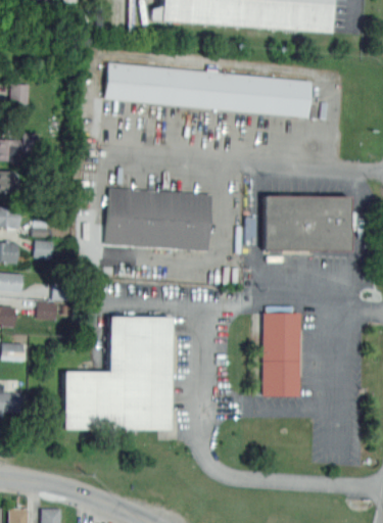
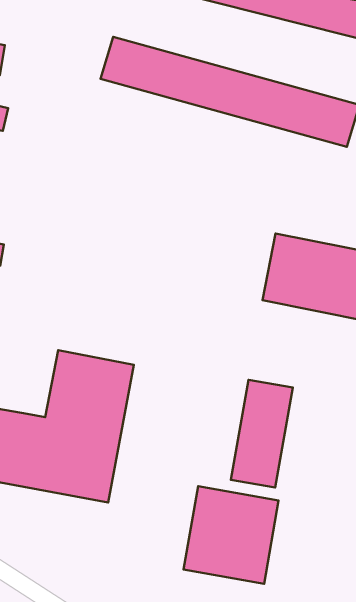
building: [106,189,210,250] -> none
building: none -> [183,486,279,584]

